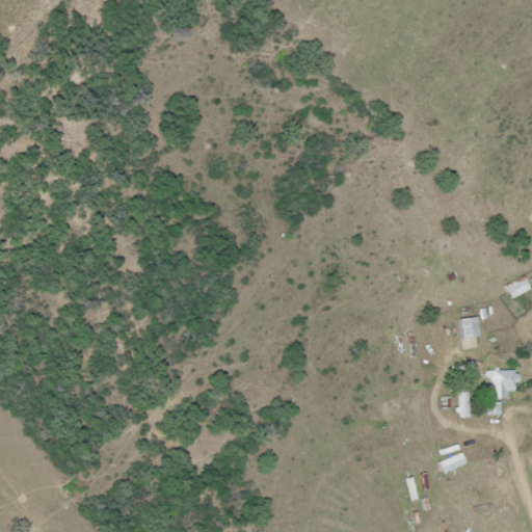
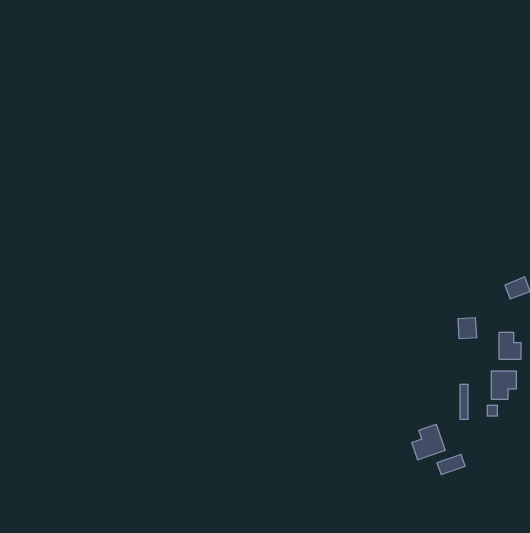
building: none -> [499,332,521,359]
building: none -> [412,424,445,460]

